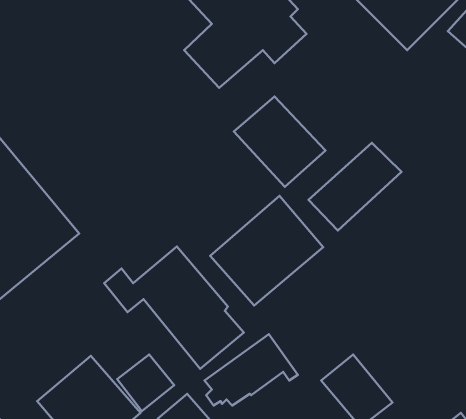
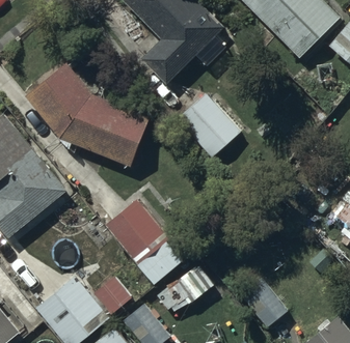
building: none -> [26,64,150,167]
building: [309,143,402,230] -> none
building: [210,196,323,306] -> none

